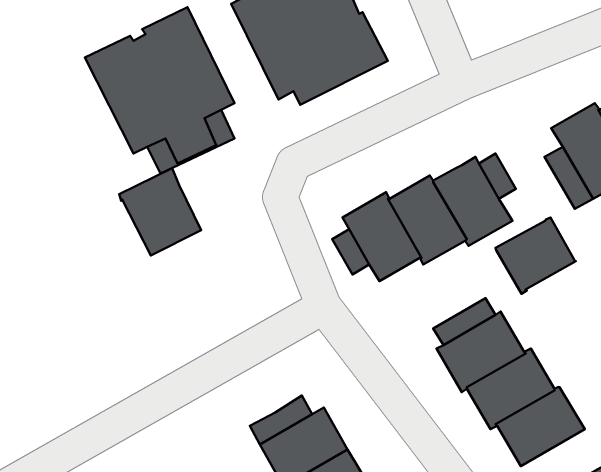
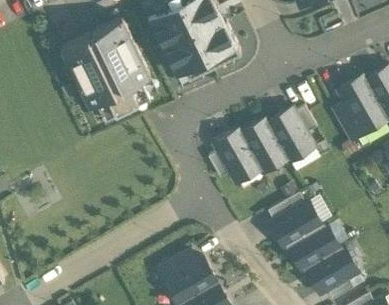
building: [119,168,201,255] -> none
building: [495,217,576,294] -> none

